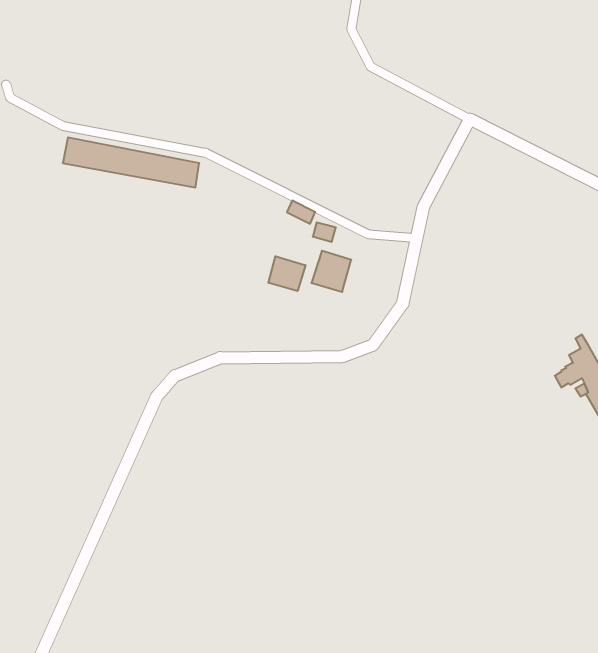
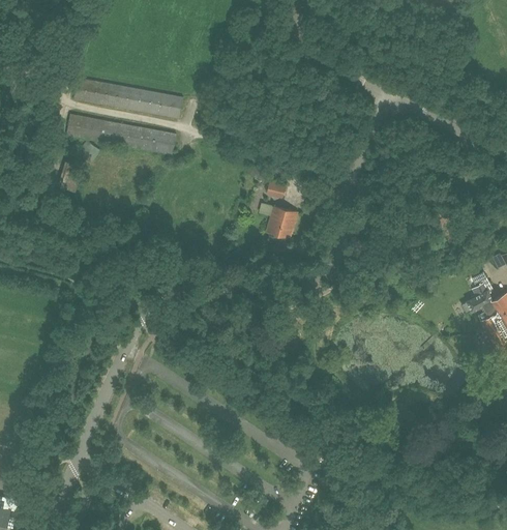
building: none -> [74,79,183,119]
building: [268,256,305,291] -> none

